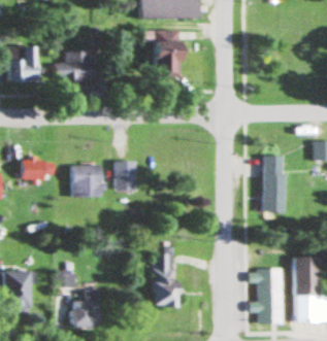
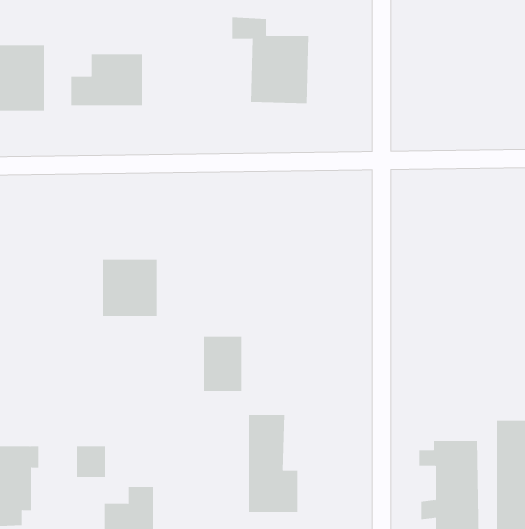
building: [262,156,284,214] -> none
building: [20,162,54,179] -> none
building: [113,162,135,193] -> [203,336,242,391]

